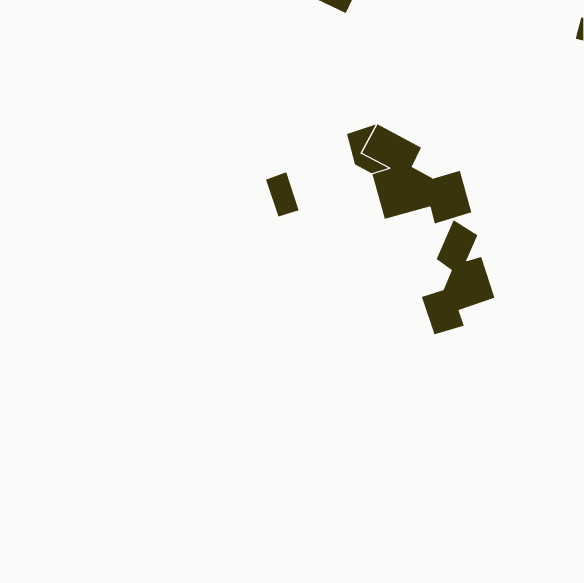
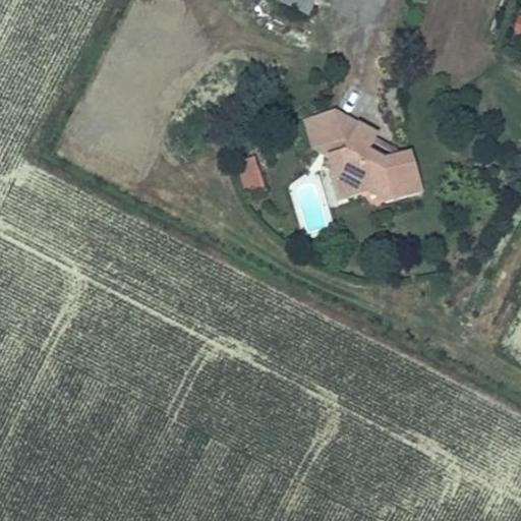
building: [421,219,495,335] -> none

